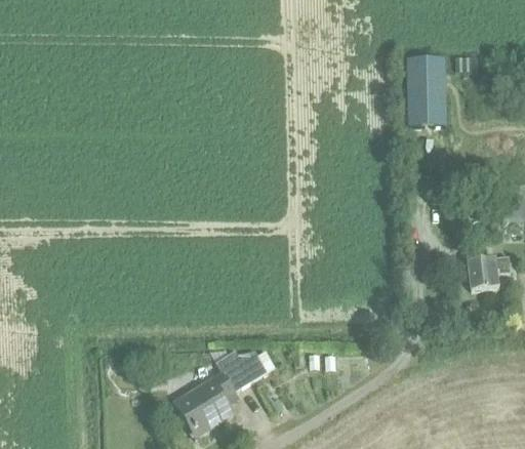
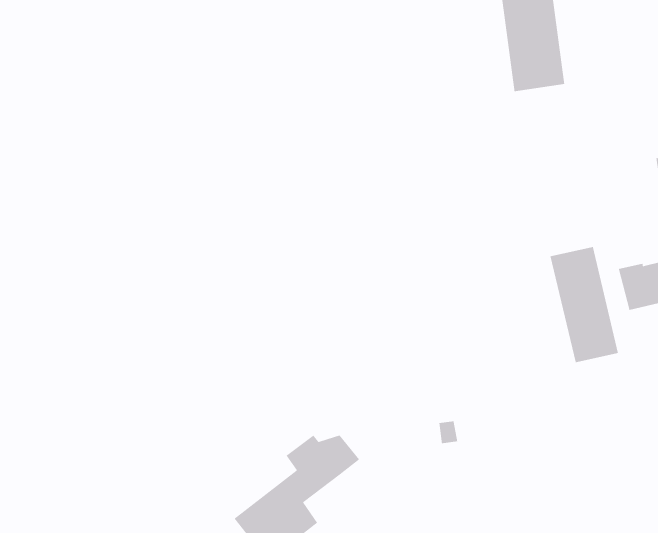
building: none -> [550,246,619,363]

